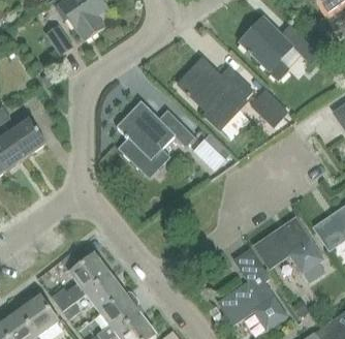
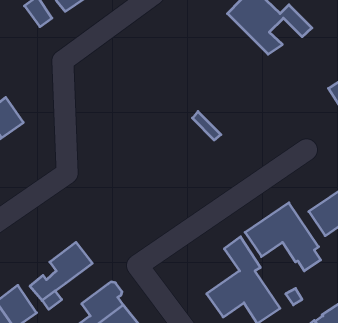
building: [177,57,252,127] -> none
building: [250,90,287,126] -> none
building: [116,99,194,166] -> none
building: [86,275,125,313] -> none

